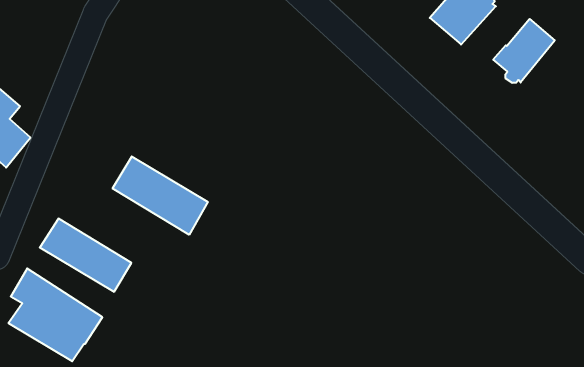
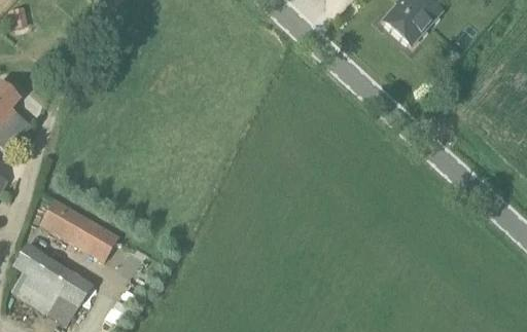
building: [493,19,555,83] -> none
building: [113,156,208,235] -> none

